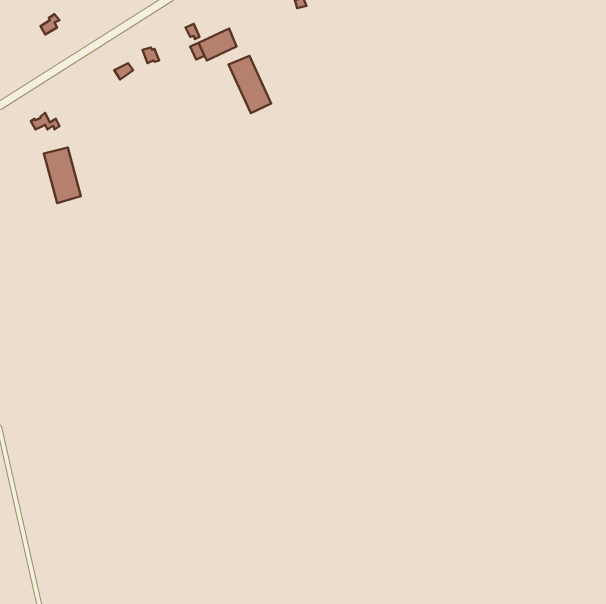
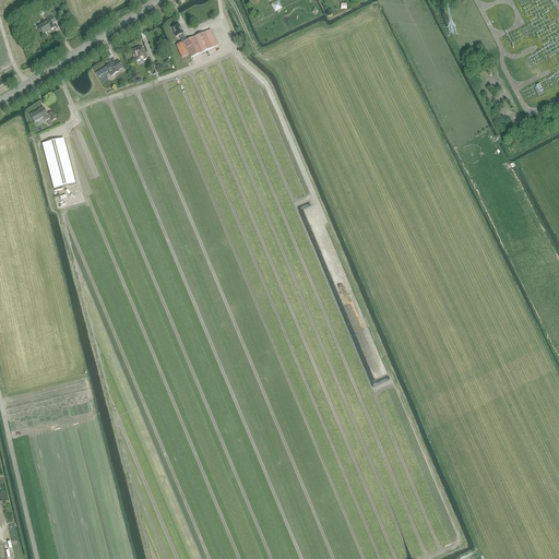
building: [229,56,271,113] -> none

